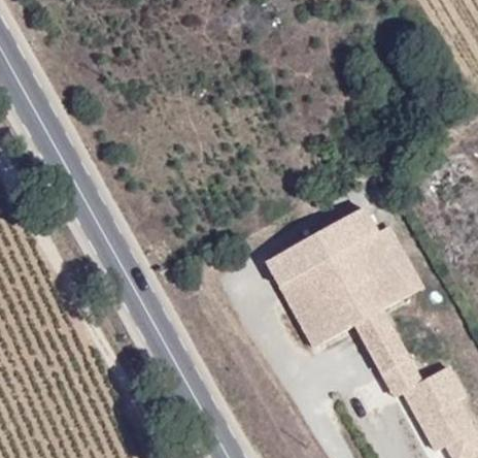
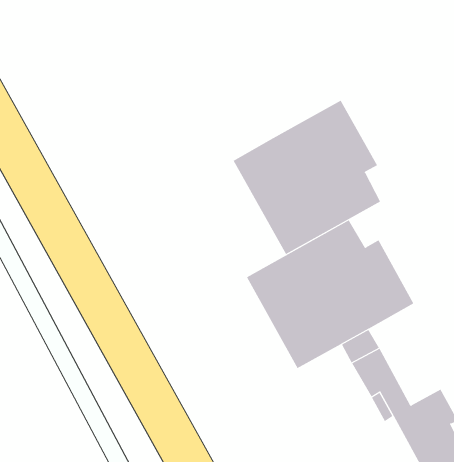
building: none -> [233,100,381,255]

